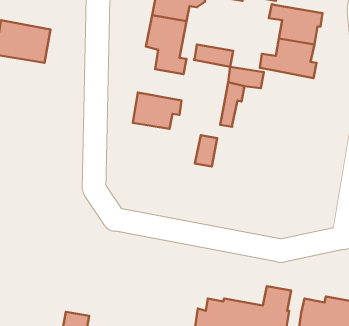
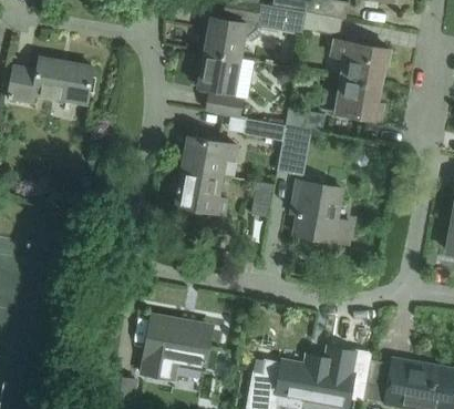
building: [194,45,233,67] -> [245,117,288,142]
building: none -> [177,168,227,213]
building: none -> [296,180,351,243]
building: none -> [143,314,213,377]

